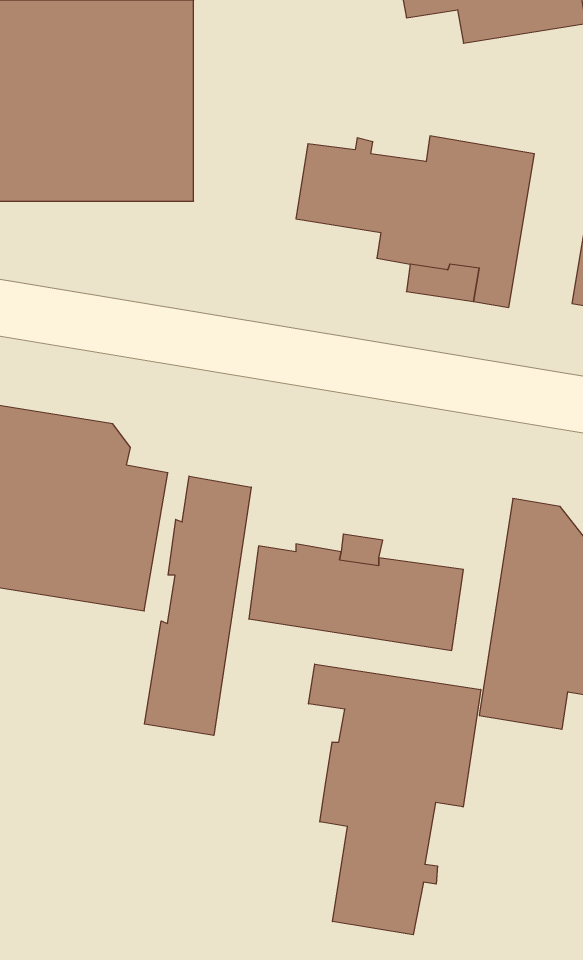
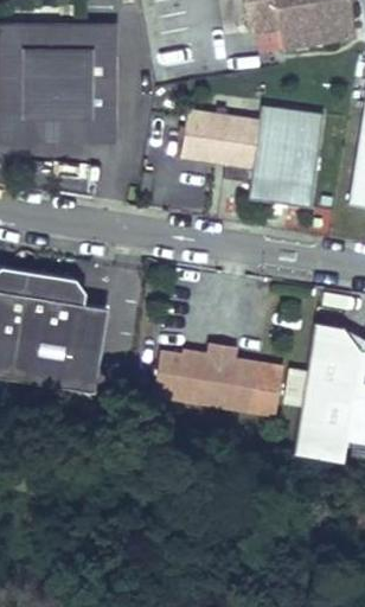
building: [144,476,251,735] -> none
building: [309,664,481,935] -> none

